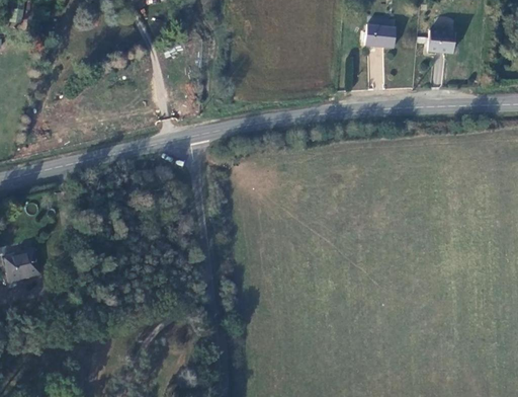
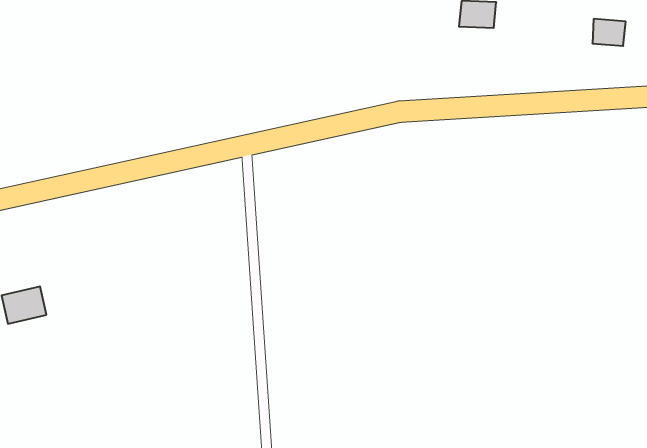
building: [428,31,454,53] -> [592,19,626,46]

